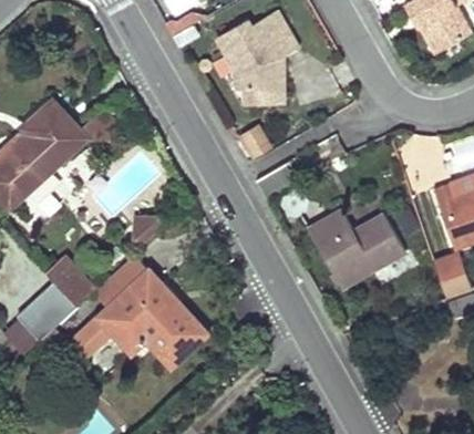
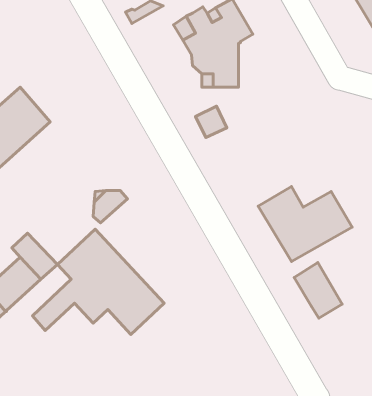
building: none -> [294,262,342,318]

